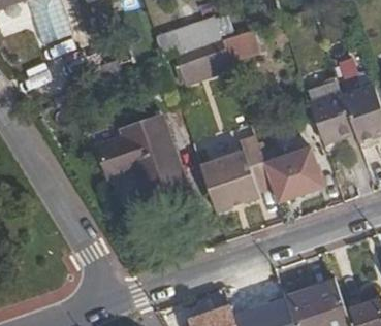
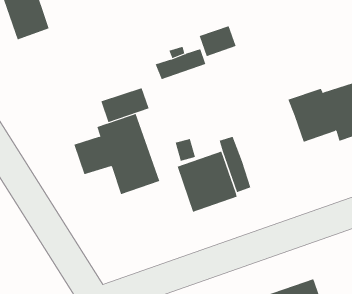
building: [154,24,202,59] -> [100,87,149,123]
building: [263,146,323,202] -> none

